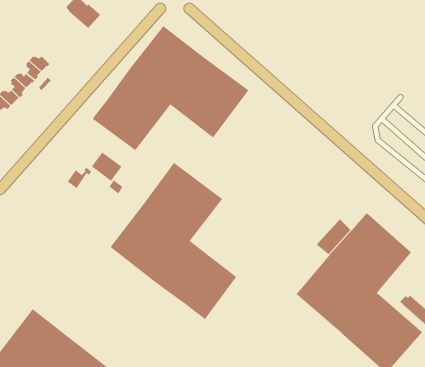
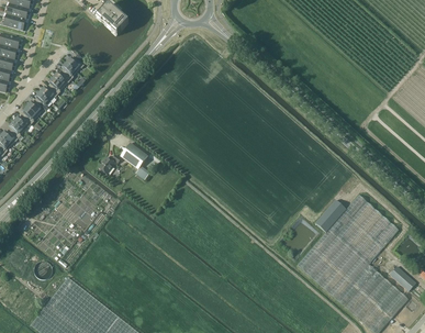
building: [92,25,249,151] -> none
building: [110,162,237,320] -> none

